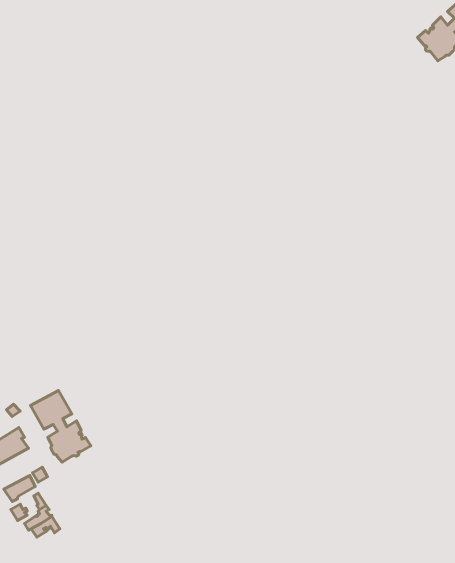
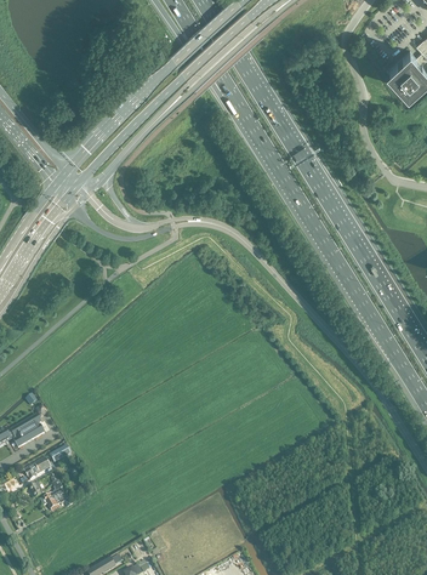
building: [30,391,91,462] -> none

